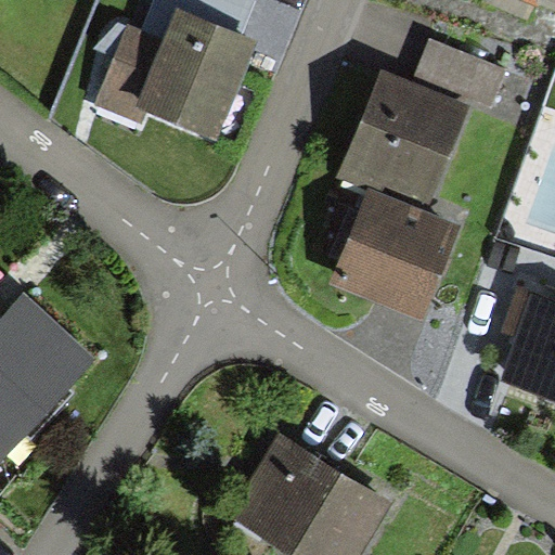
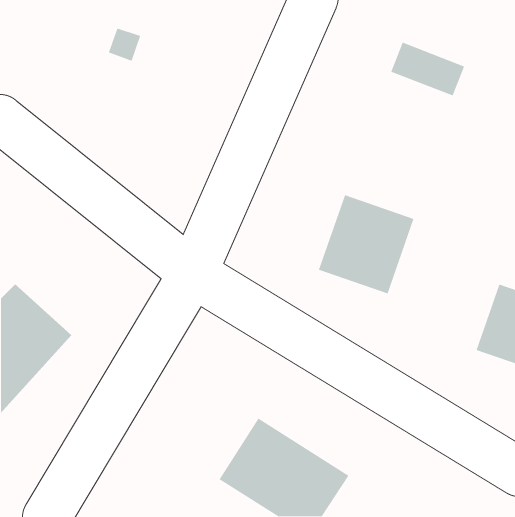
building: [146,13,250,130] -> none
building: [347,77,459,196] -> none

